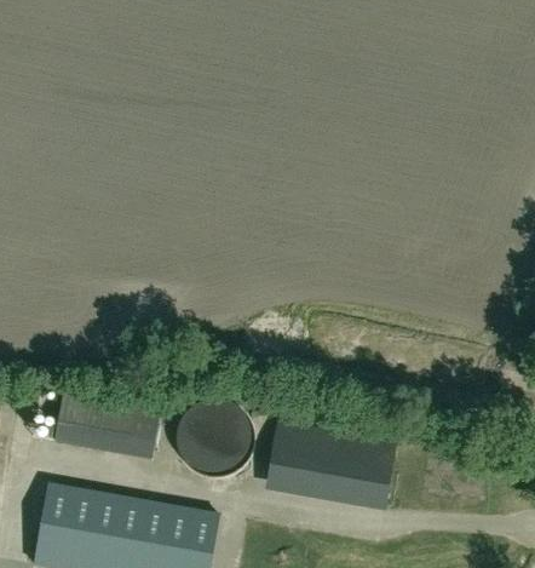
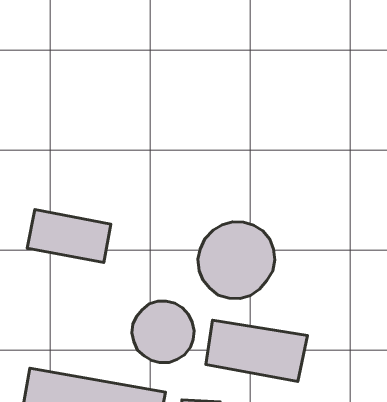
building: none -> [198,222,275,298]
building: [54,394,160,460] -> [27,210,111,262]

